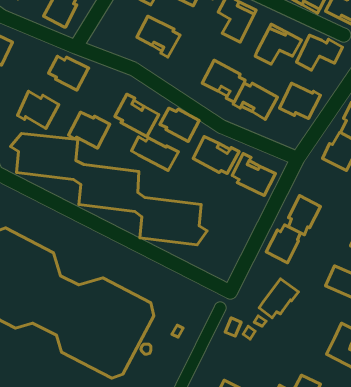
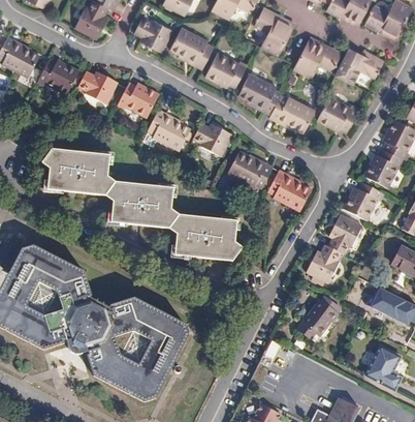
building: none -> [134,16,174,53]
building: none -> [204,52,248,88]
building: [18,91,59,128] -> [40,56,83,94]
building: [69,112,110,148] -> [119,81,161,118]
building: [131,137,178,171] -> none
building: none -> [340,179,382,219]

